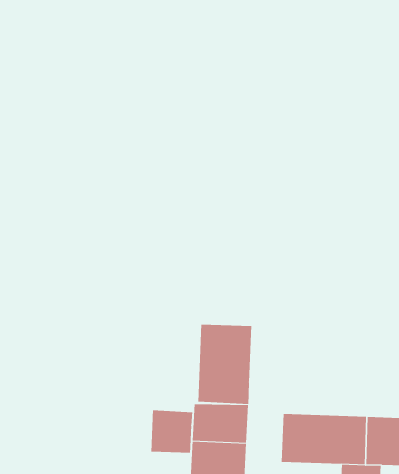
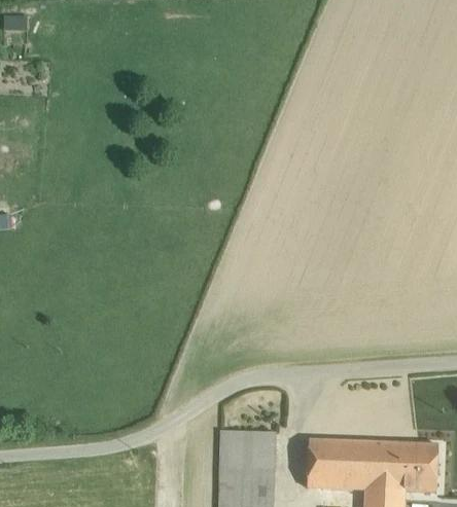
building: [198,324,252,405] -> none
building: [151,409,193,454] -> none

